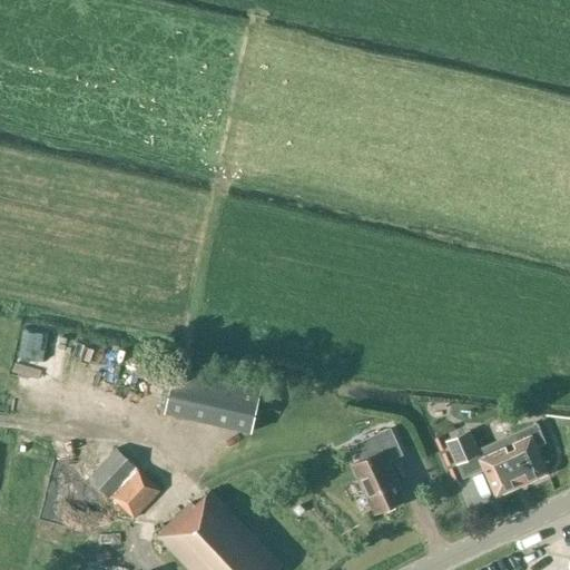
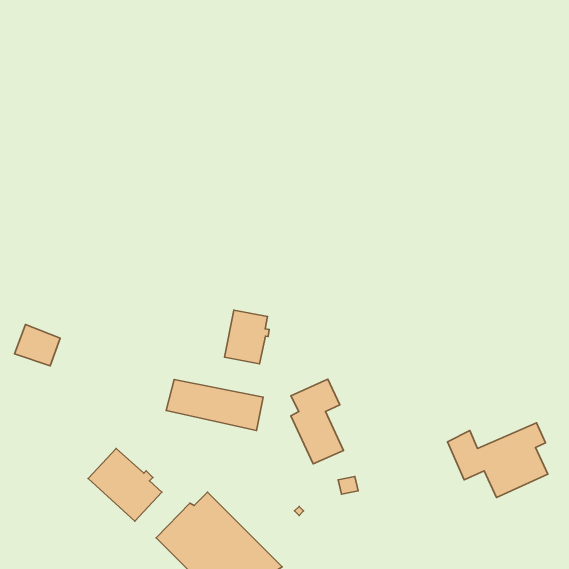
building: none -> [225,310,269,364]
building: [352,430,404,514] -> [291,379,343,464]

